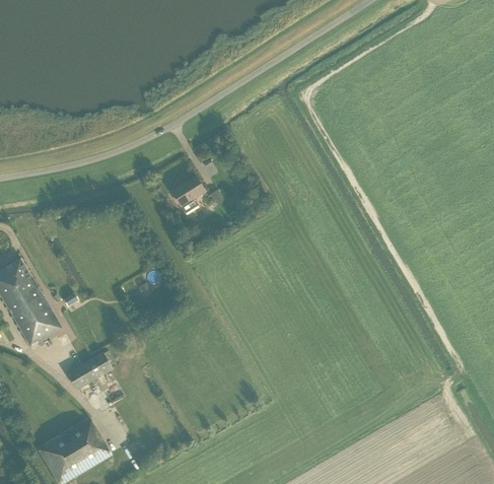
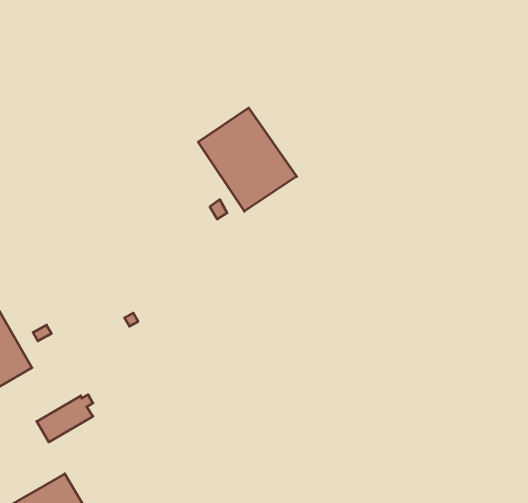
building: none -> [198,108,297,211]
building: [172,176,205,213] -> none

